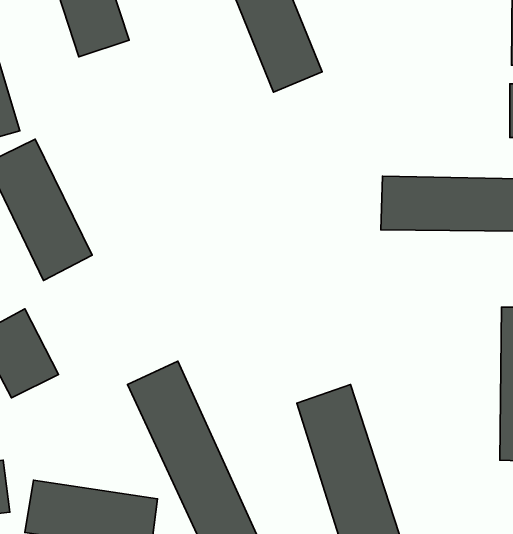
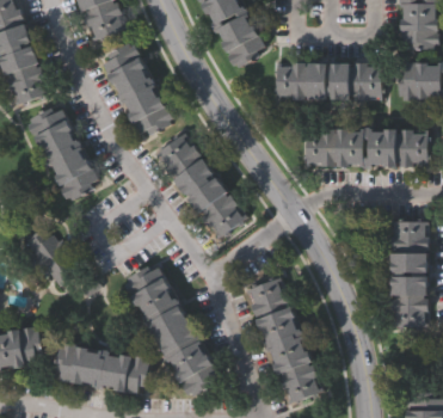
building: none -> [100,41,173,140]
building: none -> [276,63,381,100]
building: none -> [155,130,246,242]

